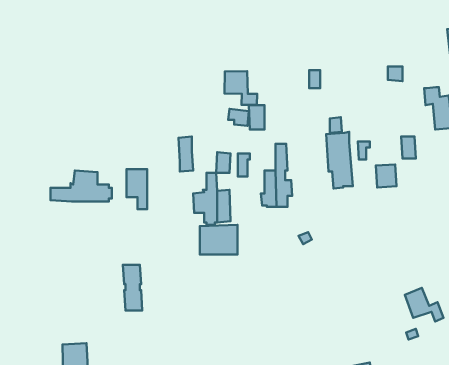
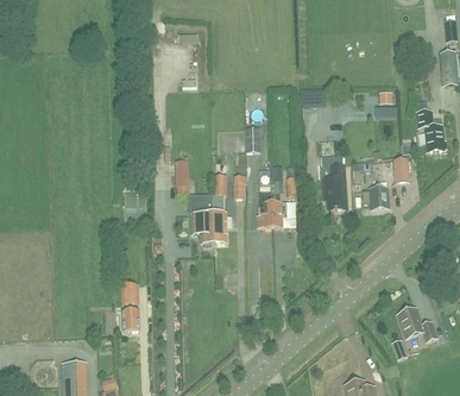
building: [224,71,257,105] -> none
building: [50,171,112,202] -> none
building: [200,225,238,255] -> none

